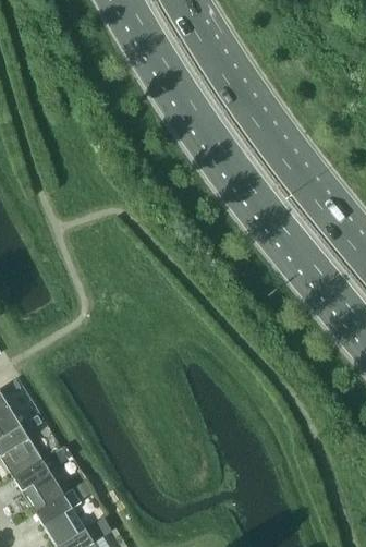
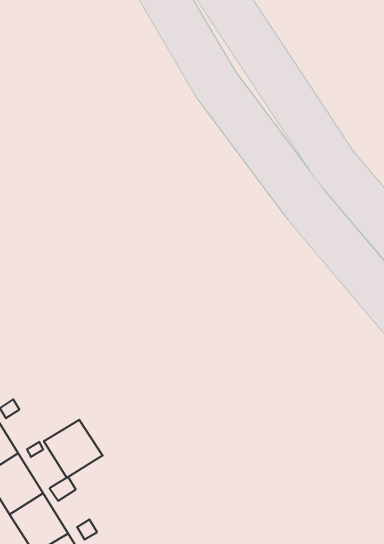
building: none -> [44,420,103,478]

